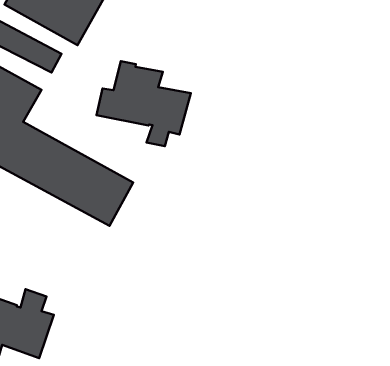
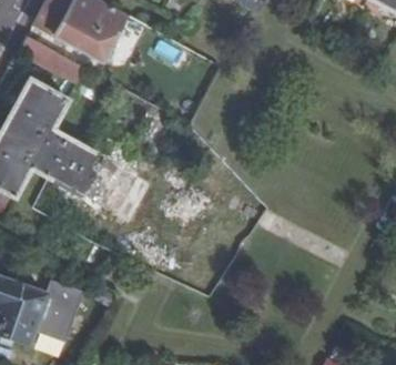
building: [97,61,191,146] -> none

